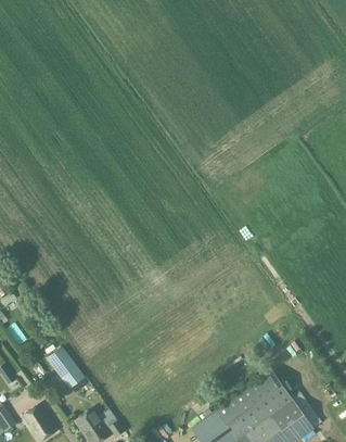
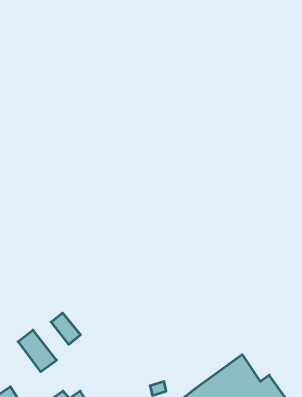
building: none -> [51,313,80,344]

